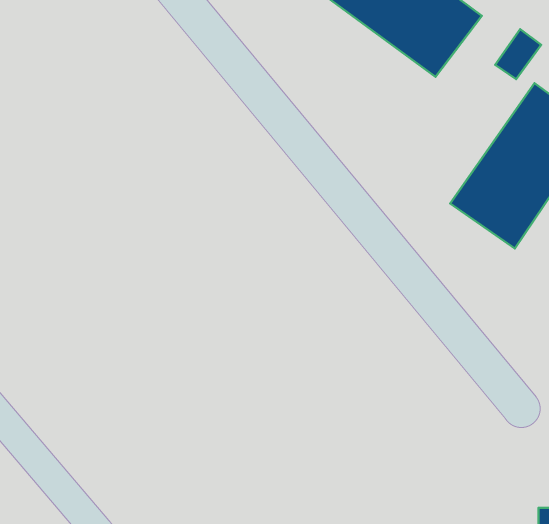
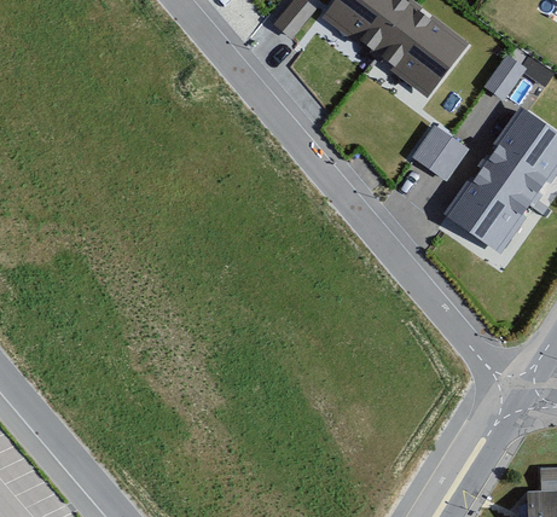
building: none -> [412,126,468,180]

